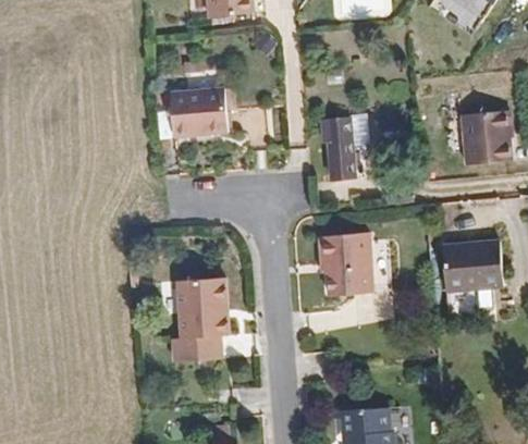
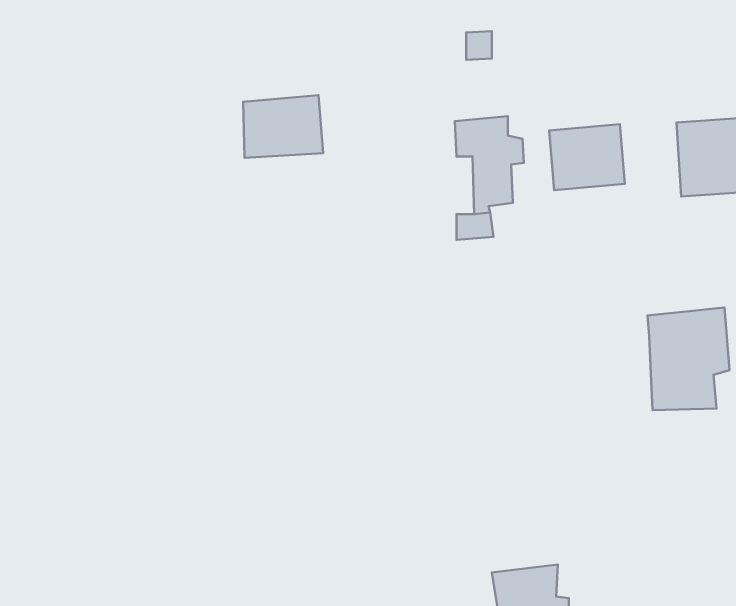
building: none -> [549,124,625,190]
building: [316,234,385,295] -> none
building: [170,277,223,361] -> none

